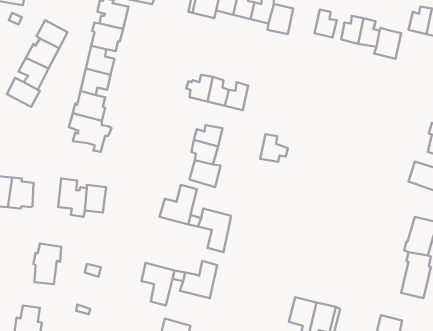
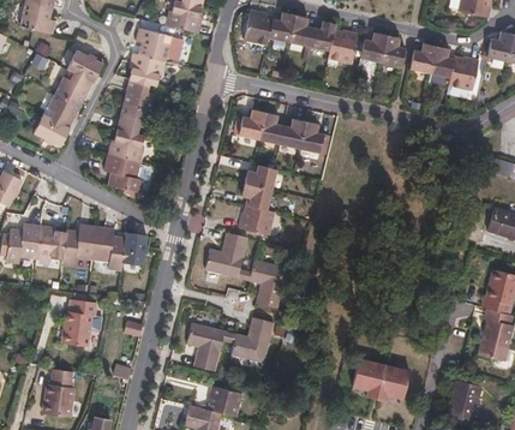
building: none -> [360,32,387,62]
building: [260,134,288,162] -> [300,121,331,153]
building: none -> [61,223,96,263]

